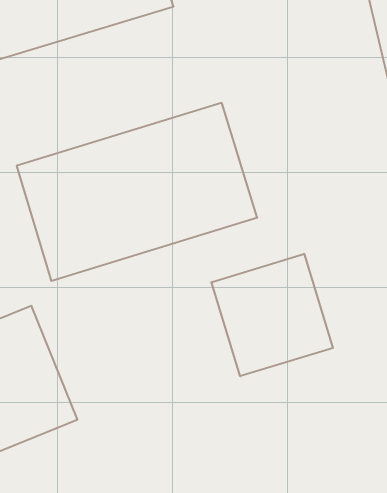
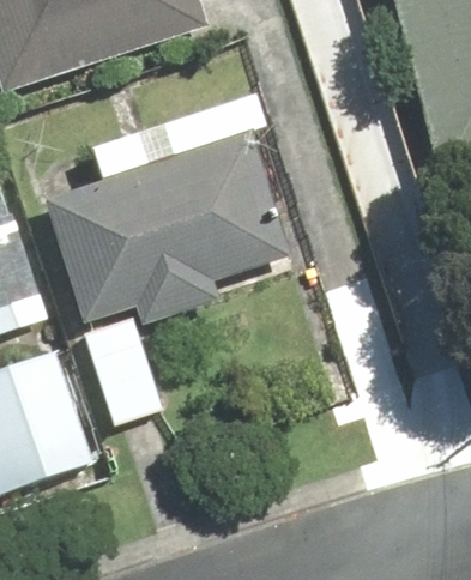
building: [211,254,333,376] -> none

